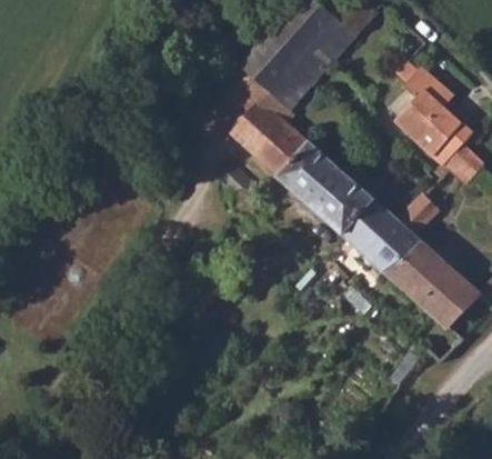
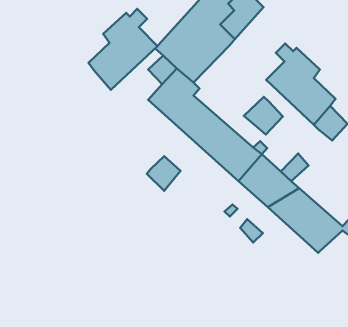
building: none -> [88,9,157,90]
building: none -> [244,97,283,135]
building: none -> [147,156,180,191]

